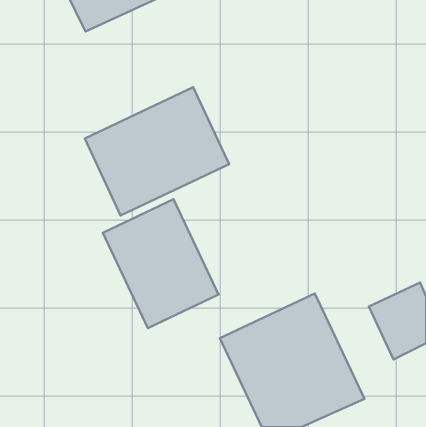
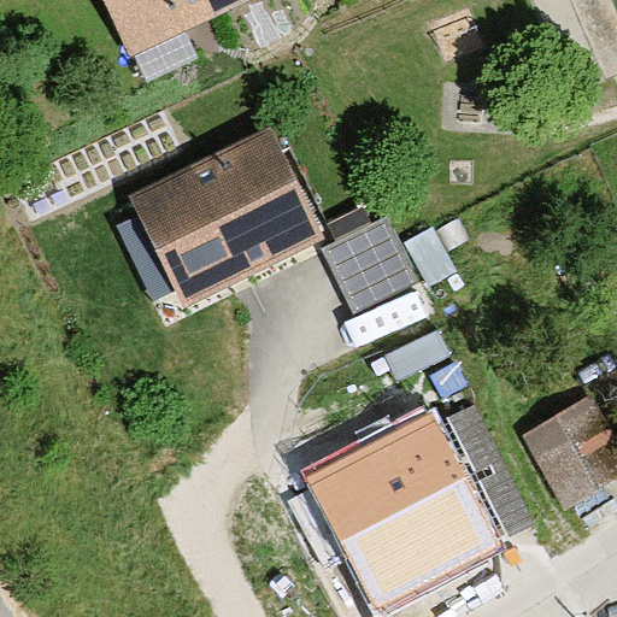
building: none -> [318,211,411,305]
building: [103,199,219,328] -> none

